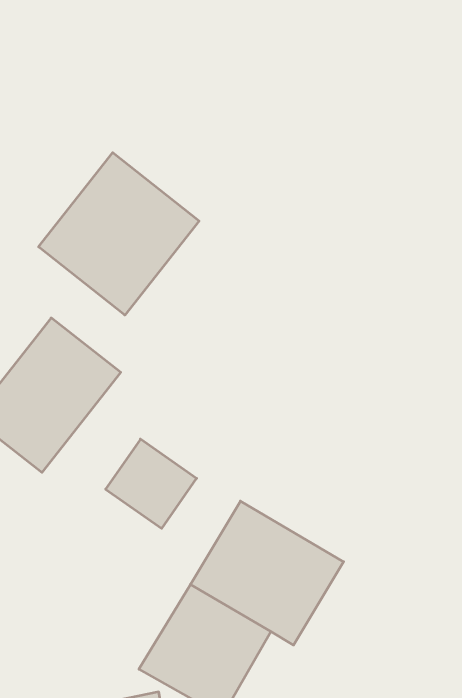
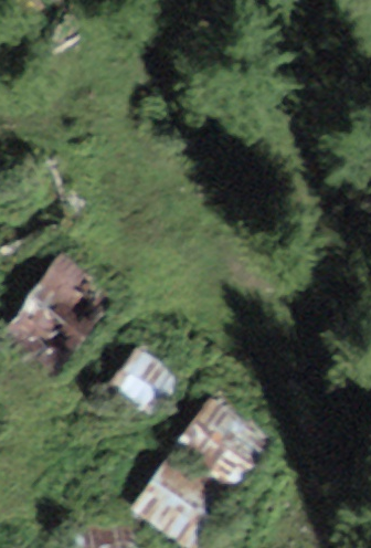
building: [39,153,199,315] -> none

